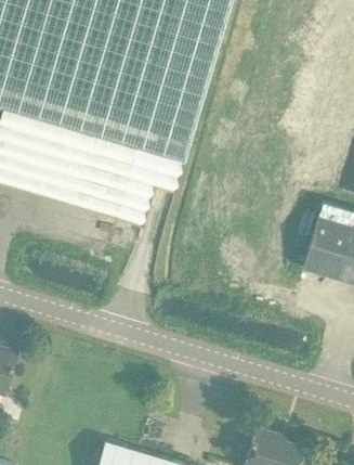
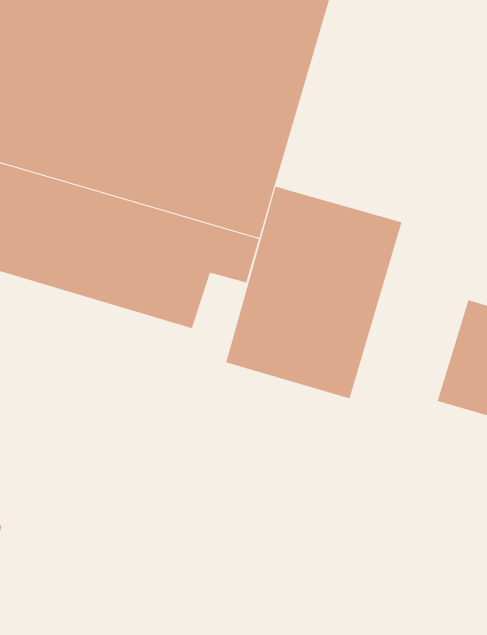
building: none -> [226,186,402,399]

